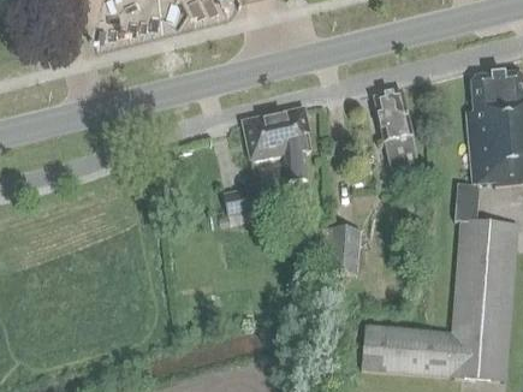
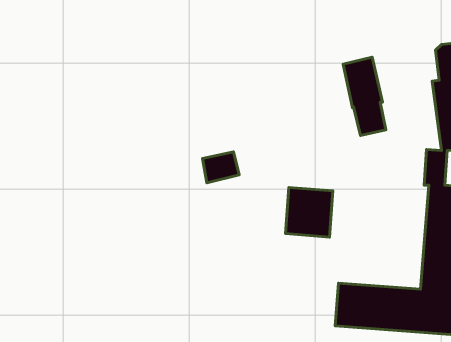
building: [244,107,310,196] -> none

